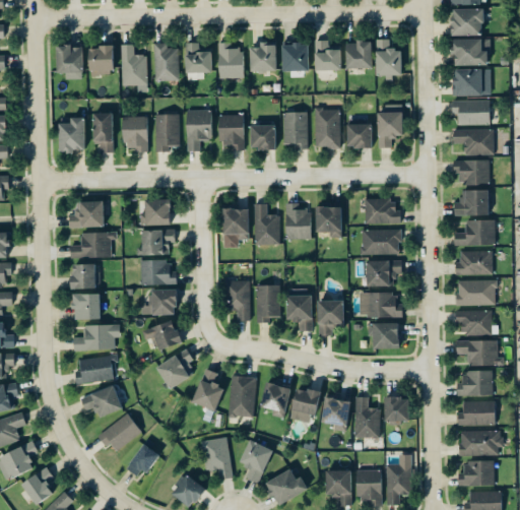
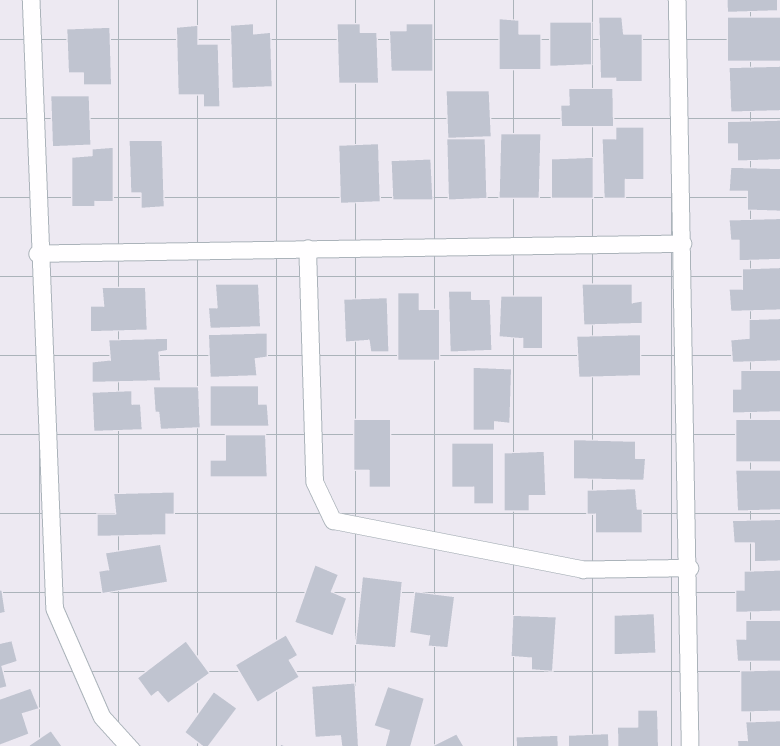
building: [185,43,211,80] -> none
building: [281,43,309,71] -> [446,91,491,138]
building: [88,46,113,76] -> [51,96,91,146]
building: none -> [561,88,614,127]
building: [186,111,212,151] -> none
building: [155,114,180,151] -> none
building: [122,117,148,151] -> none
building: [366,260,402,286] -> none
building: [257,284,280,322] -> [473,367,512,430]
building: [71,294,100,319] -> [153,387,201,429]
building: [143,320,180,349] -> none
building: [155,348,194,389] -> [235,635,300,702]
building: [80,387,121,416] -> none
building: [290,388,317,423] -> none
building: [354,397,380,438] -> none

